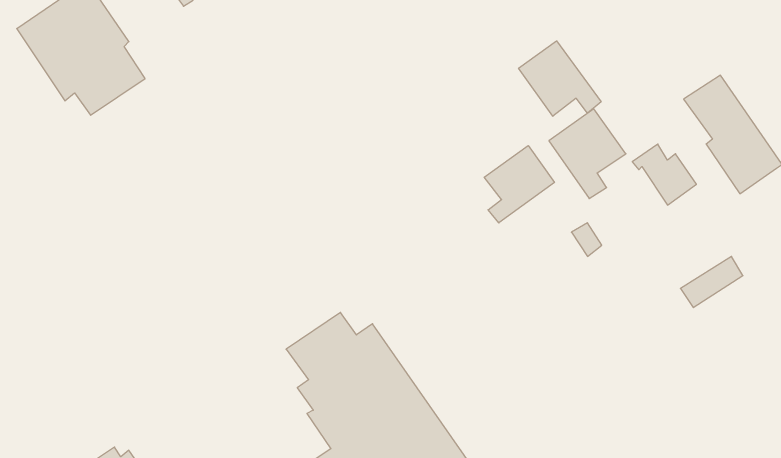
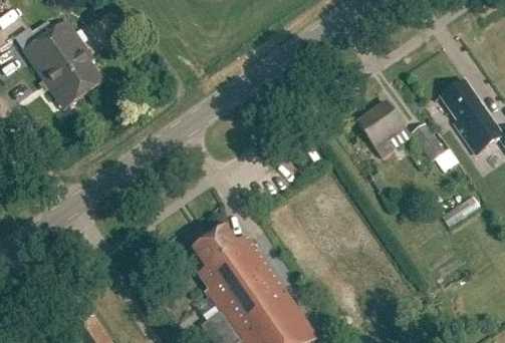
building: [519,41,601,116] -> none
building: [484,146,554,223] -> none

